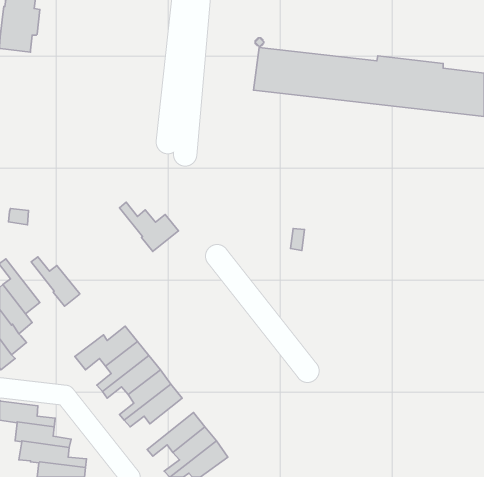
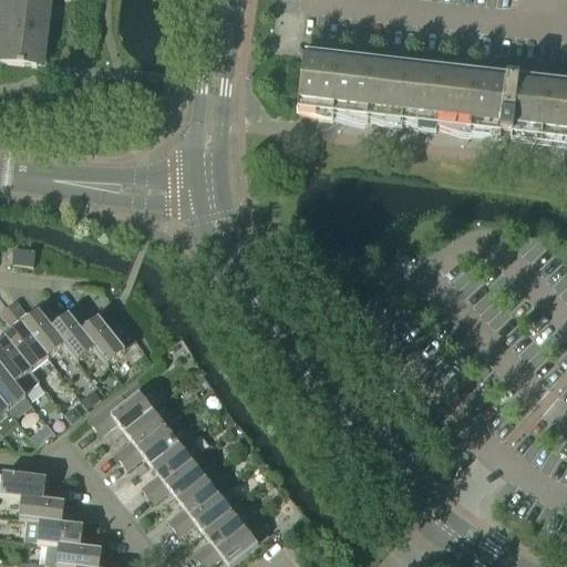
building: [120,202,178,252] -> [66,303,135,361]
building: none -> [7,297,63,353]
building: none -> [166,465,226,525]

